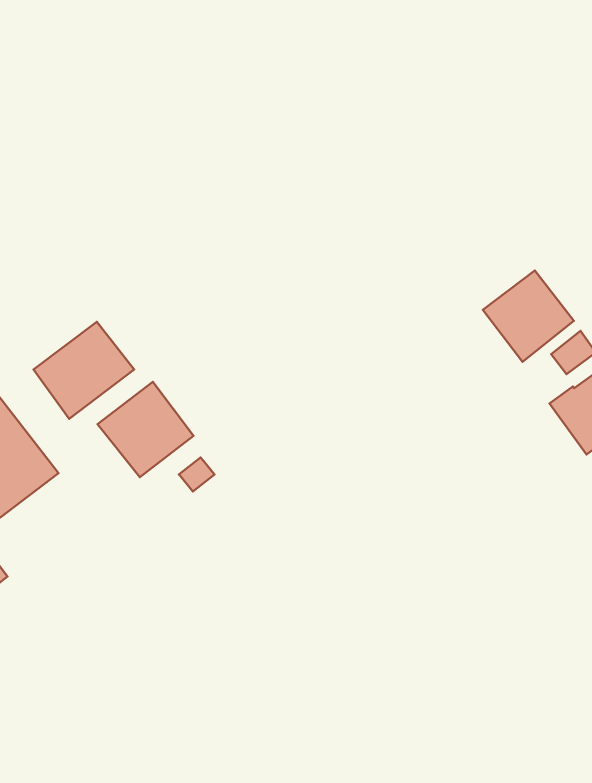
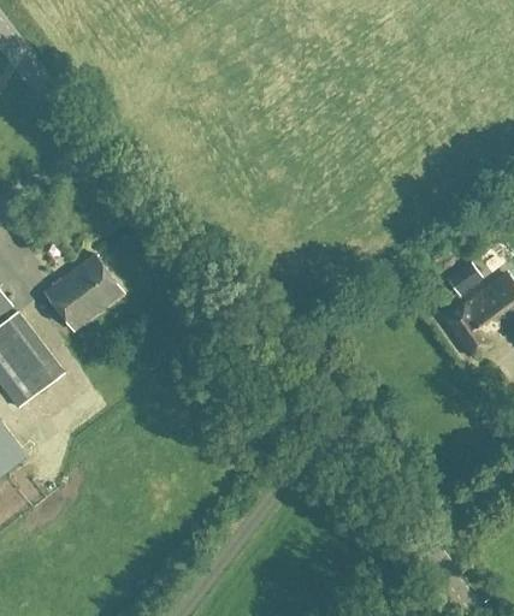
building: [483,270,574,362] -> none
building: [97,382,194,477] -> none

